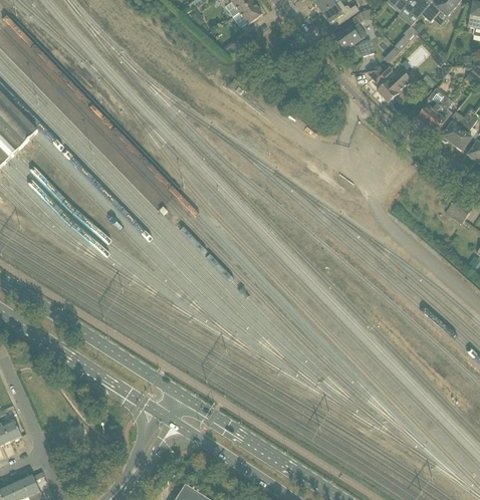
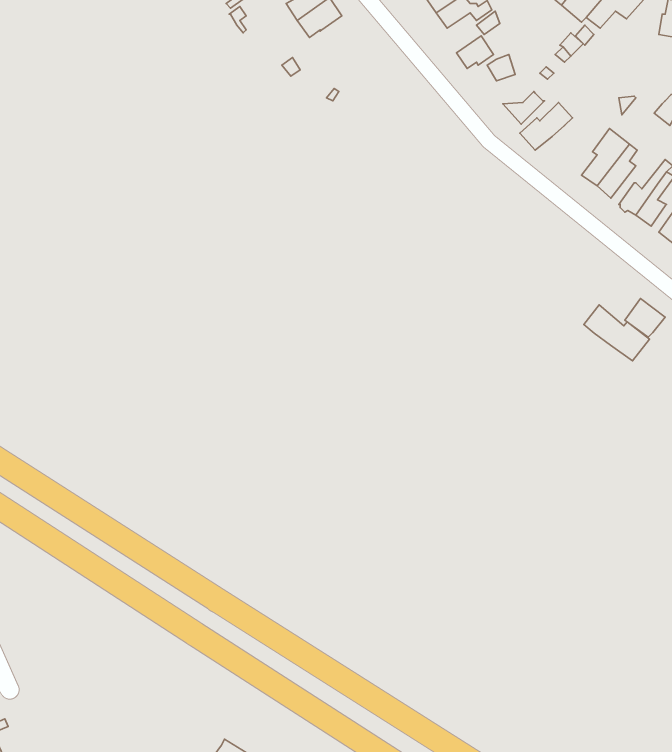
building: none -> [584,305,649,361]

